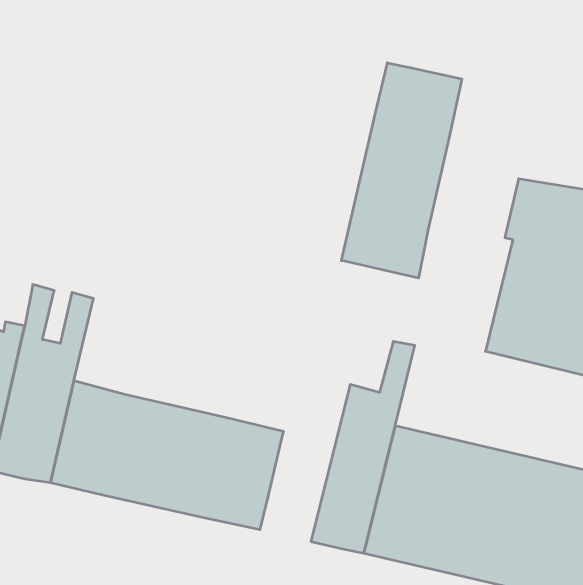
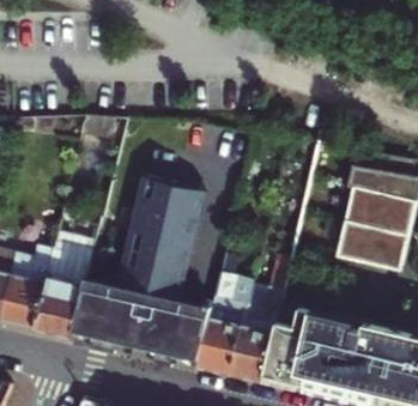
building: [341,63,462,278] -> none
building: none -> [115,176,204,298]
building: none -> [198,250,253,374]

